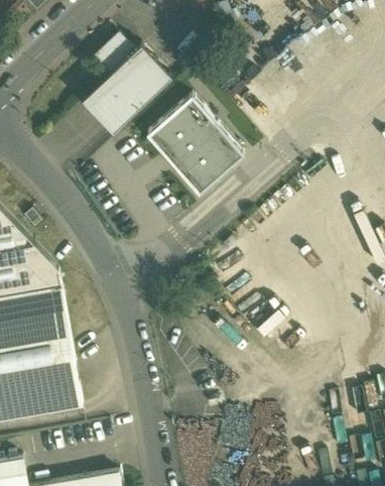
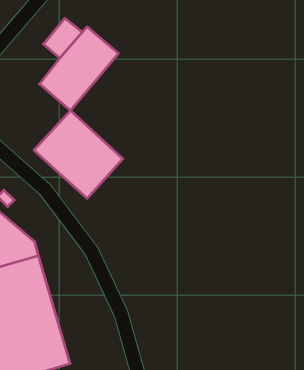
building: [147,97,242,194] -> [34,110,123,198]

